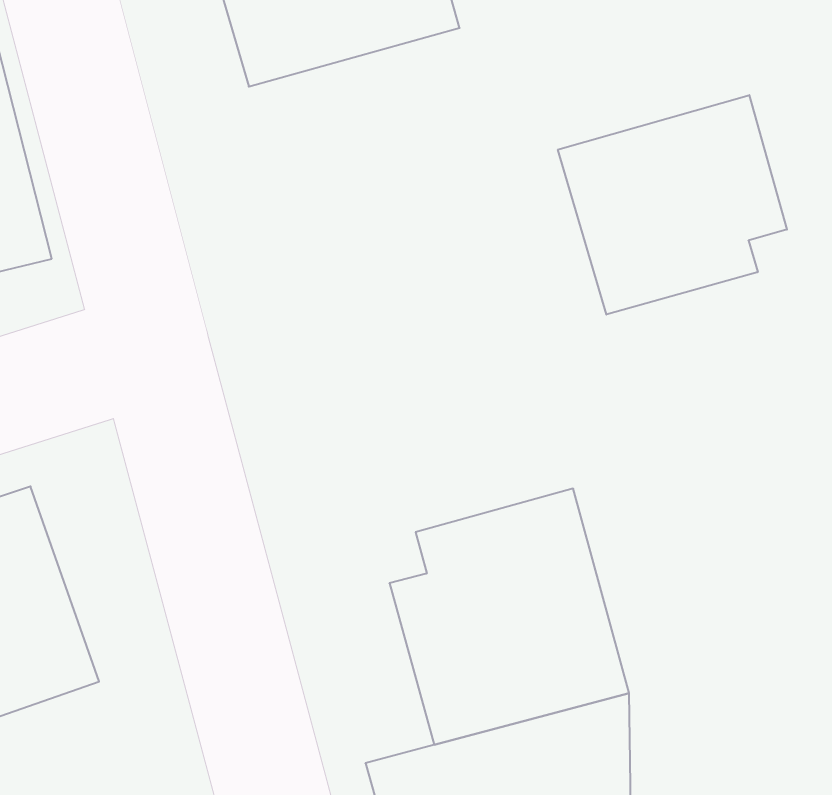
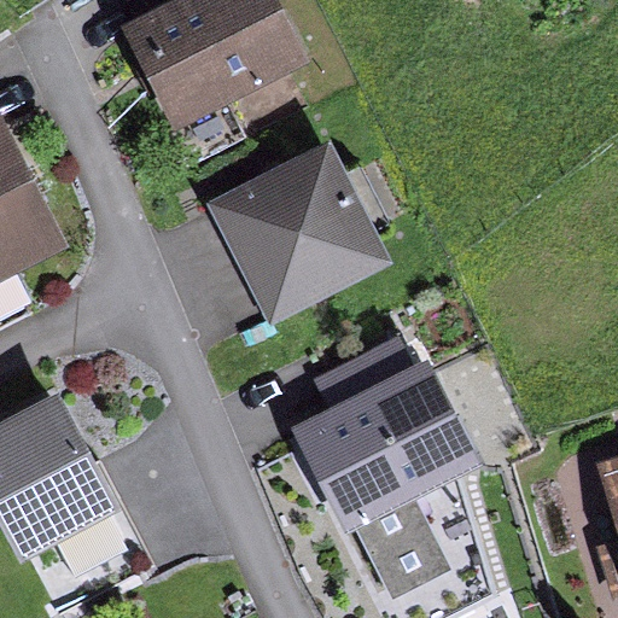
building: [558,95,787,315] -> none
building: none -> [209,144,389,323]

